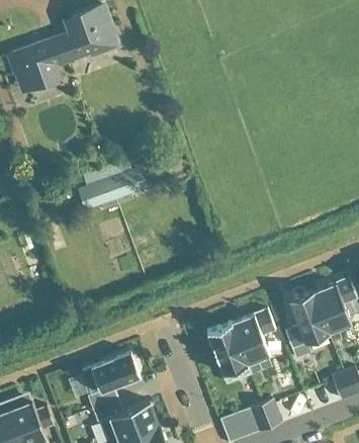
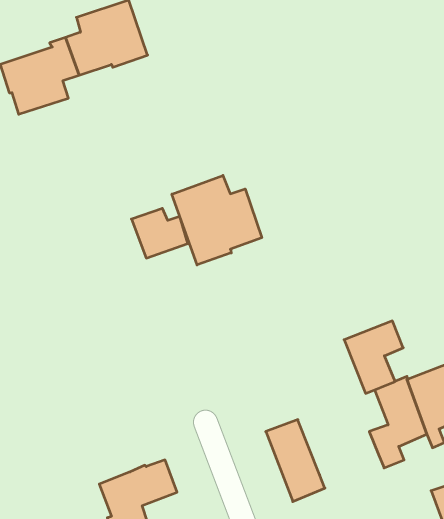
building: none -> [172,175,262,265]
building: [80,171,116,209] -> none
building: [231,308,275,363] -> [344,321,403,393]

